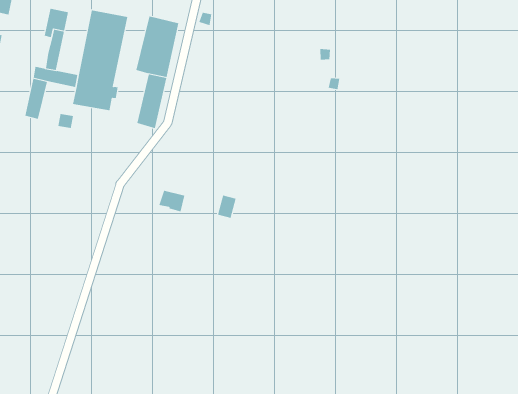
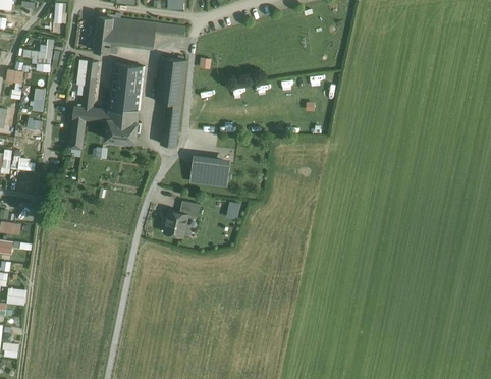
building: none -> [189,159,230,183]
building: none -> [164,211,187,236]

